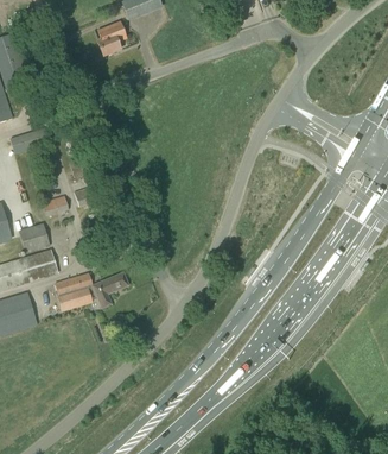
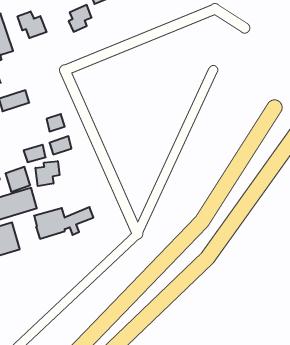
building: none -> [18,11,47,38]
building: none -> [36,161,60,186]

